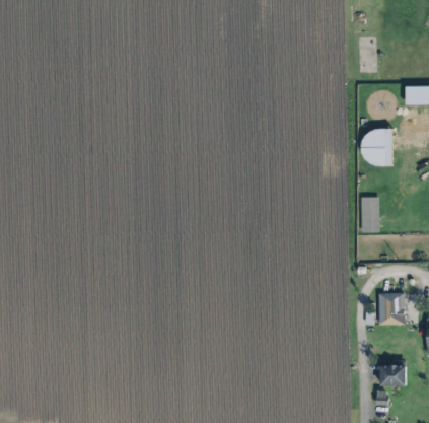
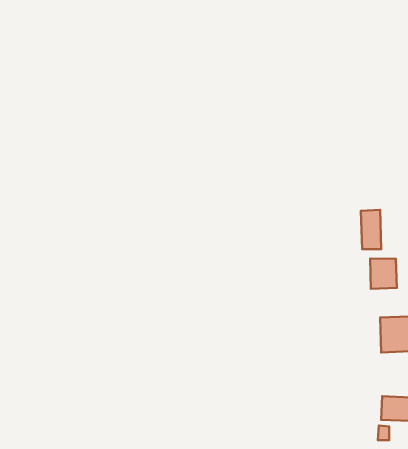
building: [362,129,392,164] -> none
building: none -> [370,259,397,289]

